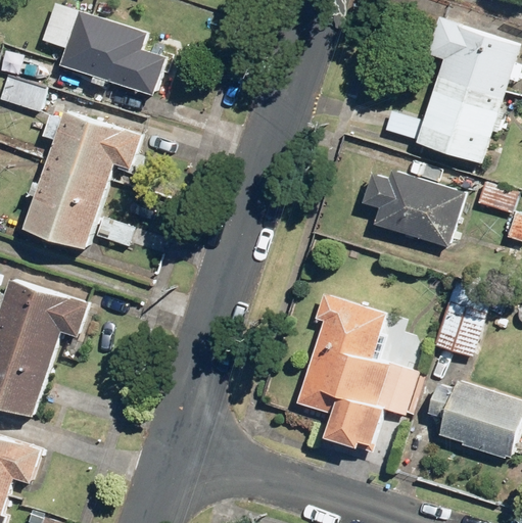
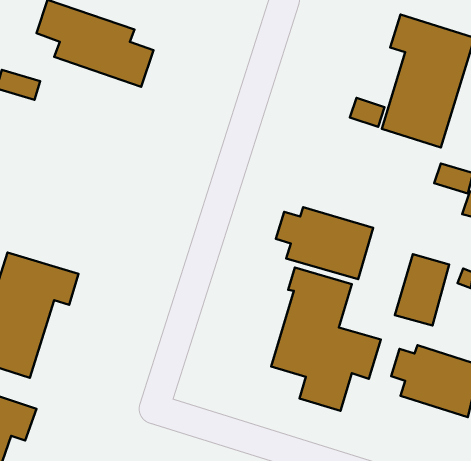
building: [26,110,140,247] -> none
building: [362,169,468,247] -> [276,207,373,279]

